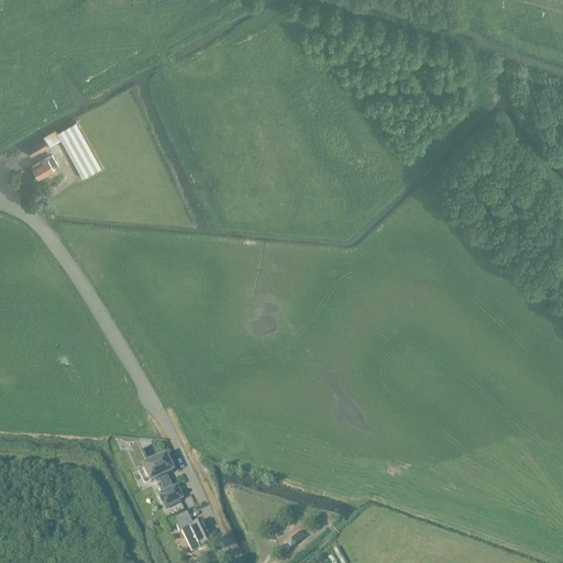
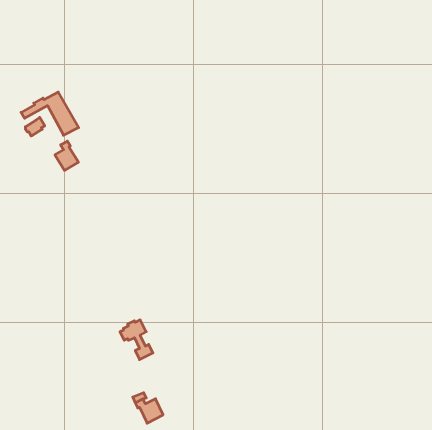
building: none -> [55,141,78,170]
building: [139,454,181,506] -> [120,320,153,360]

